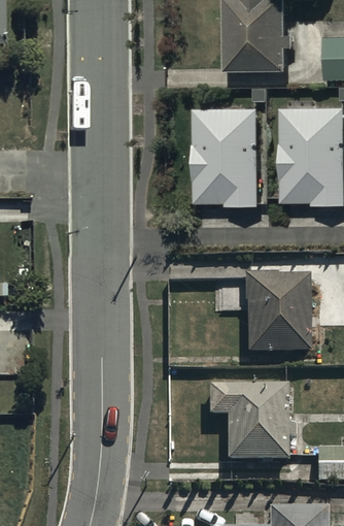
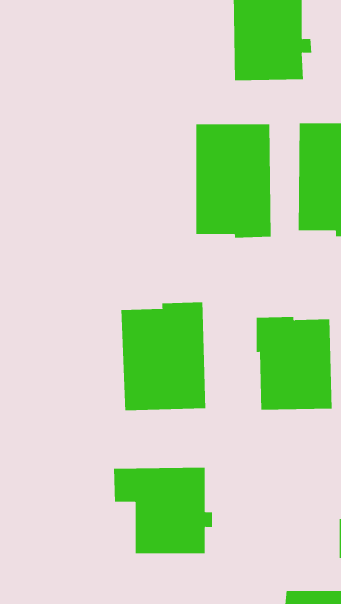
building: none -> [121,302,206,411]
building: [208,383,294,457] -> [113,467,213,554]

